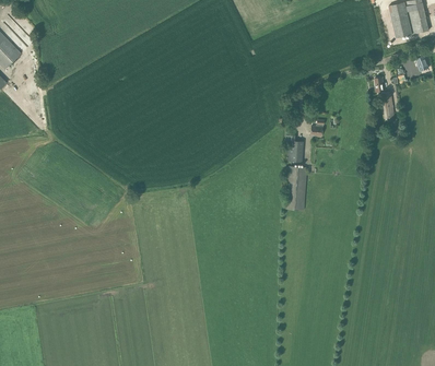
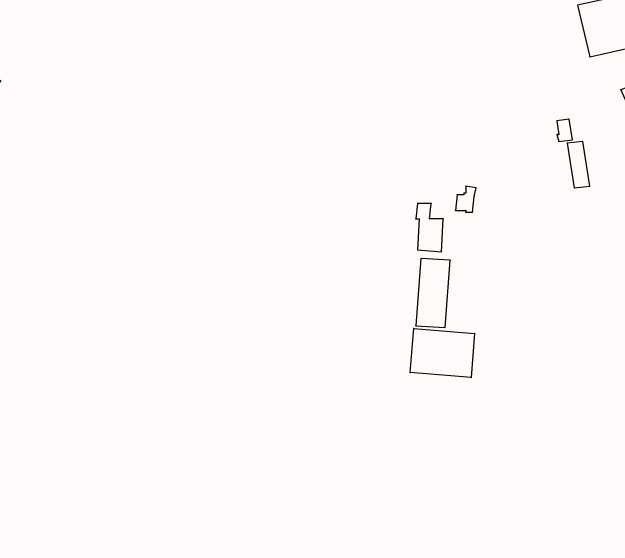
building: none -> [410,328,475,378]

